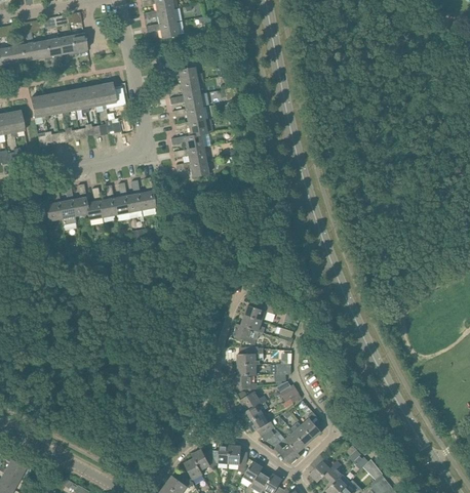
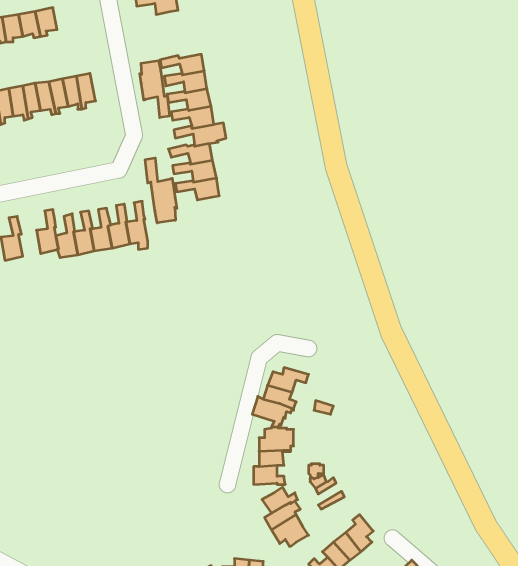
building: none -> [140,61,169,118]
building: none -> [145,158,177,223]
building: [58,186,76,224] -> none

